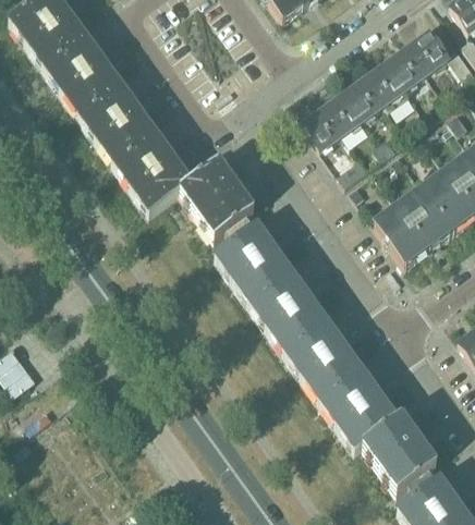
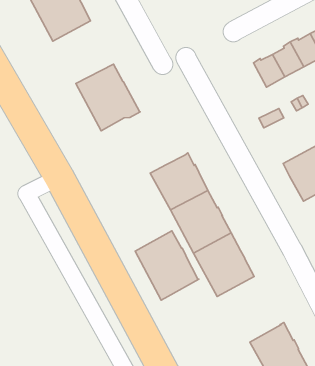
building: [77,78,155,157] -> none
building: [304,103,344,146] -> none
building: [183,161,256,241] -> none
building: [318,363,400,449] -> [135,231,199,300]

